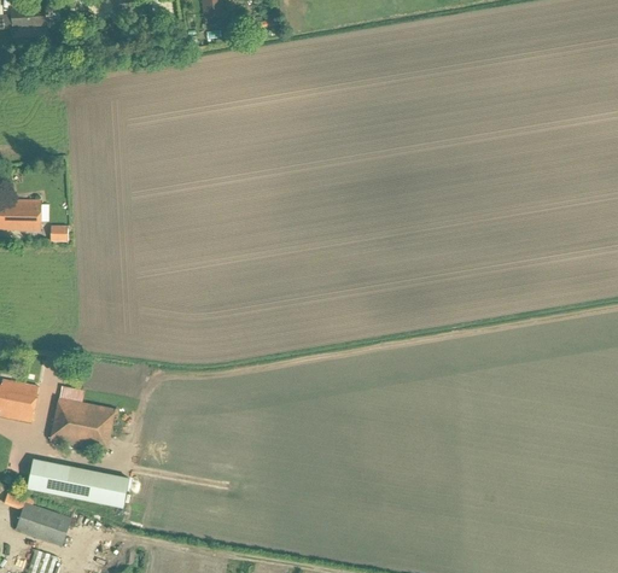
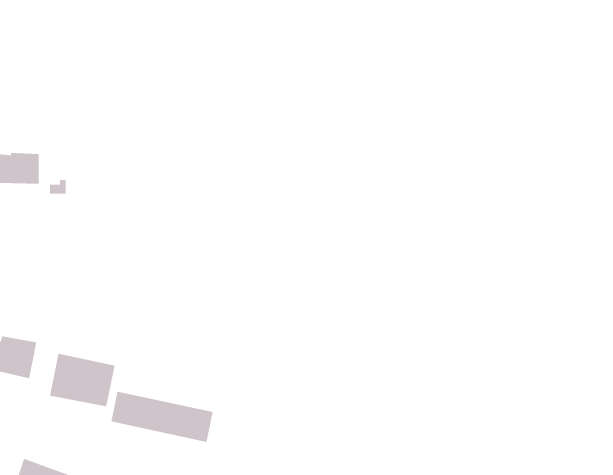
building: [27,457,128,508] -> [111,391,213,442]

